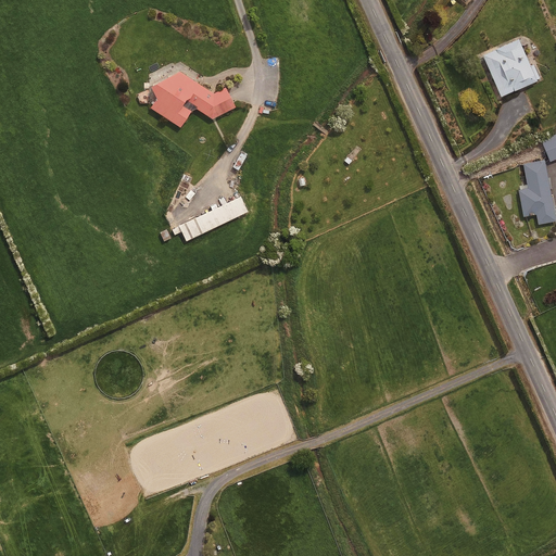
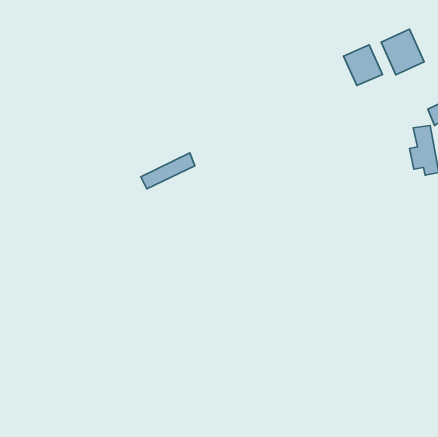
building: none -> [344,45,382,86]
building: [149,70,236,126] -> none

